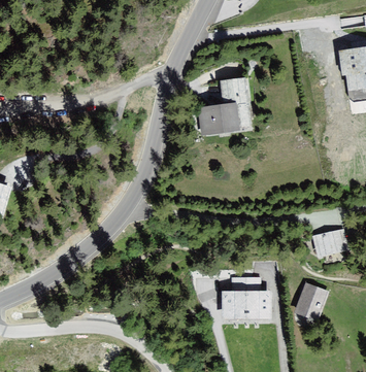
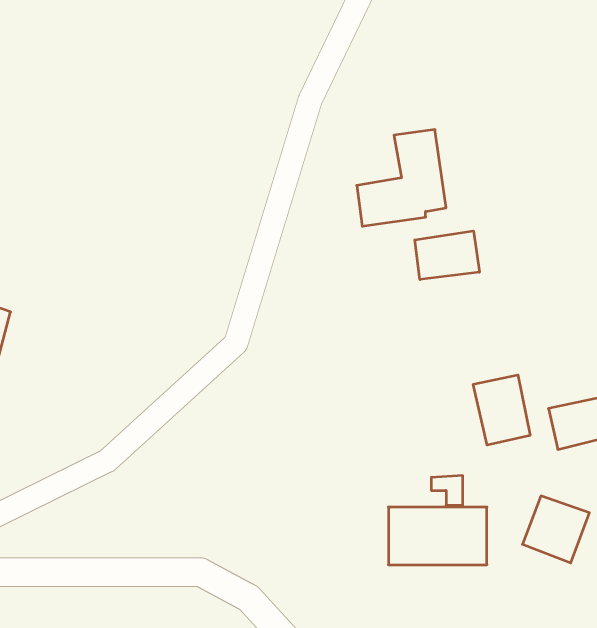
building: none -> [415,231,479,280]
building: none -> [473,375,530,445]

